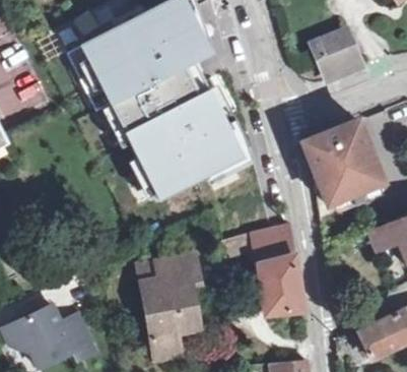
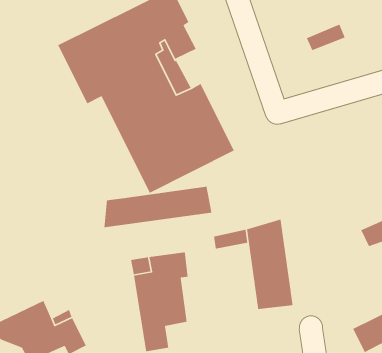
building: [320,45,362,79] -> none
building: [303,119,383,203] -> none
building: none -> [103,186,212,228]

